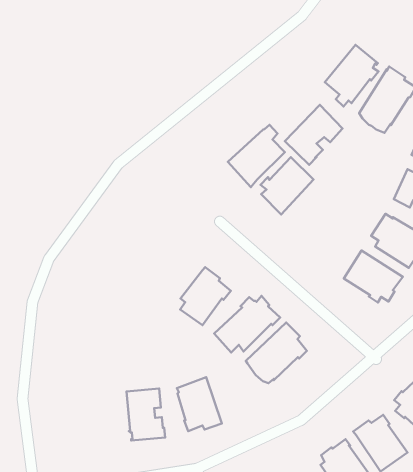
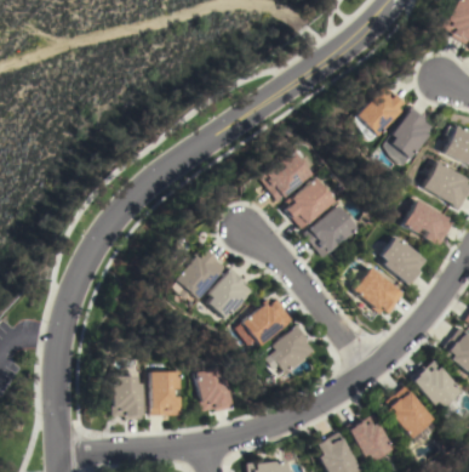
building: [285,105,343,165] -> [305,205,358,257]
building: none -> [171,250,225,298]
building: none -> [113,376,144,419]

